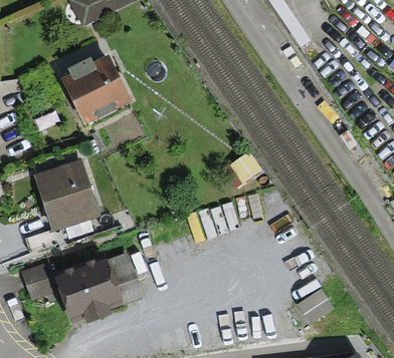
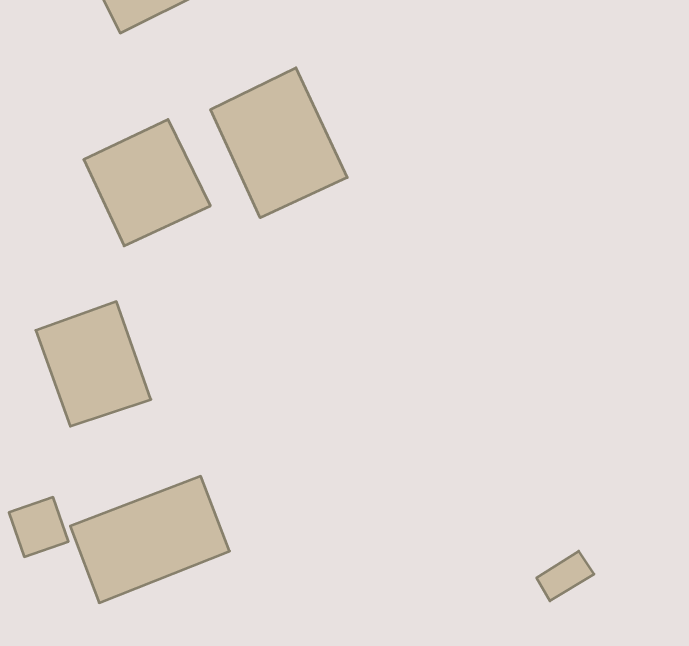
building: none -> [211,68,347,218]

